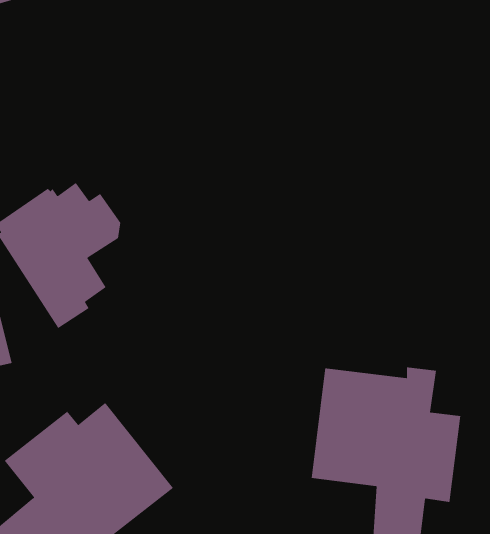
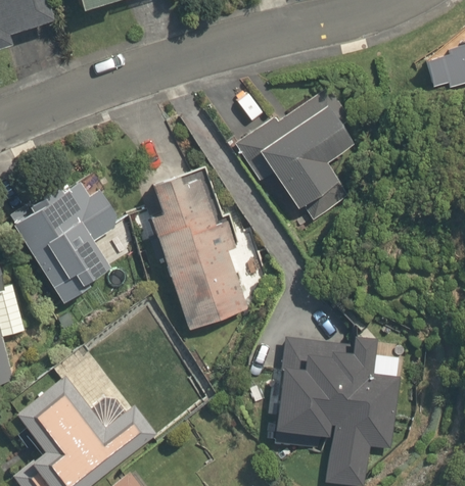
building: none -> [235,88,353,221]
building: none -> [148,176,247,330]

